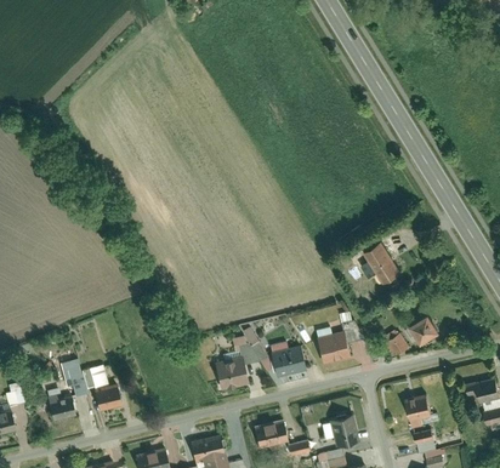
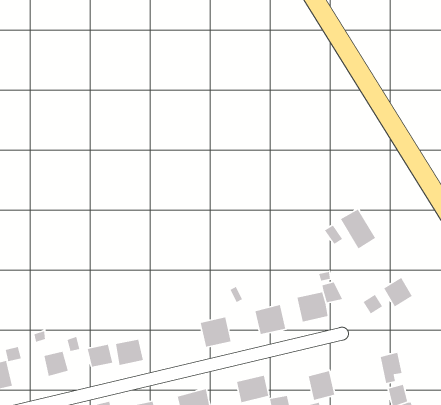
building: none -> [115,339,144,366]

